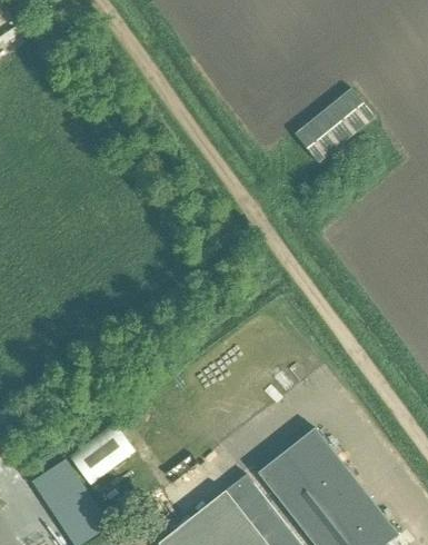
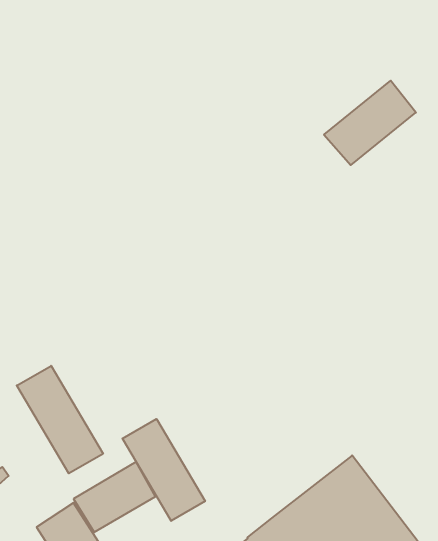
building: none -> [17,366,103,473]
building: none -> [122,419,205,521]

